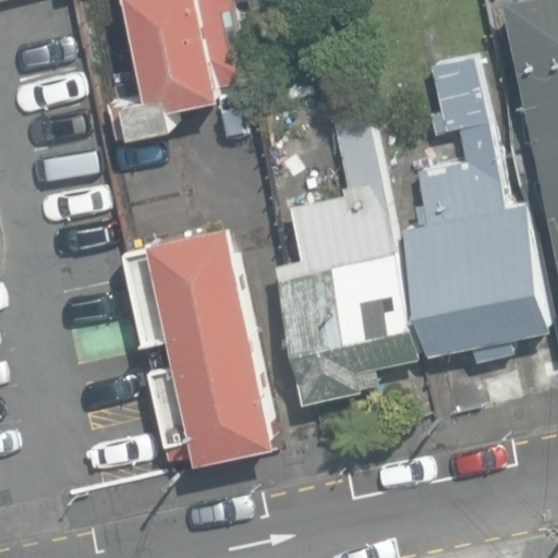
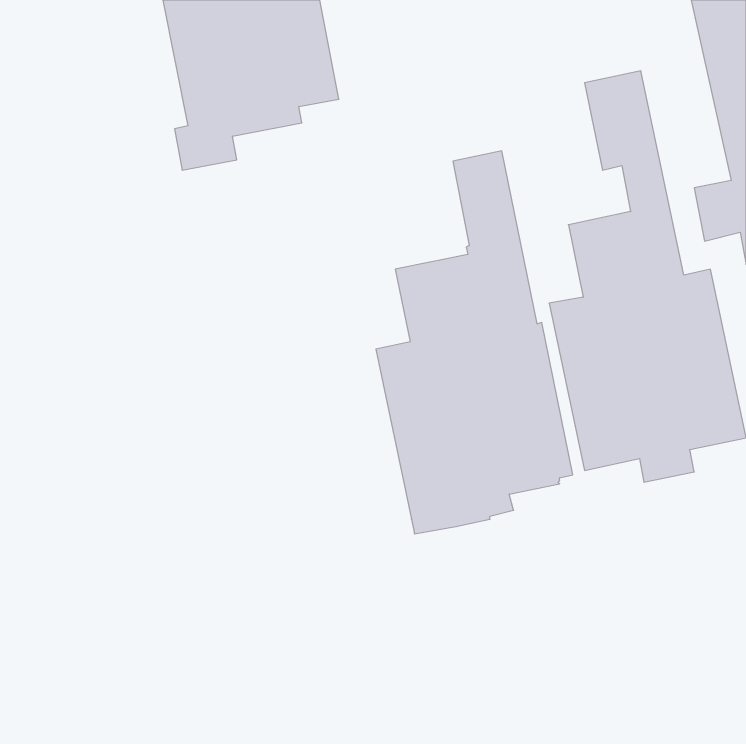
building: [126,228,280,462] -> none

